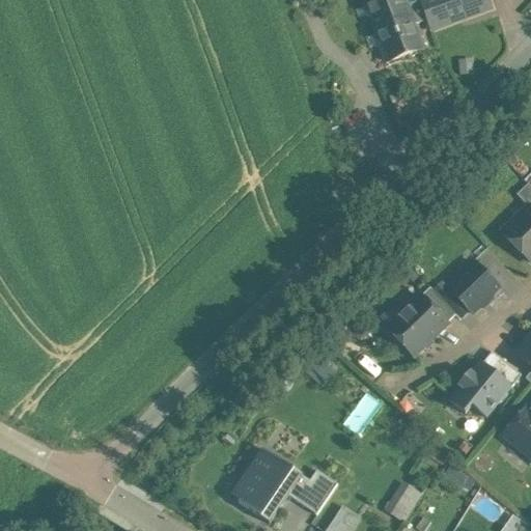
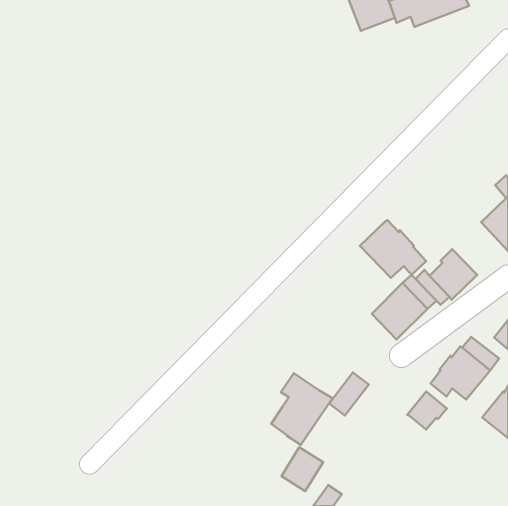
building: [366,19,422,59] -> none
building: none -> [360,220,426,278]
building: none -> [407,391,447,430]
building: [239,448,303,523] -> [271,373,333,445]
building: [386,480,420,519] -> none

